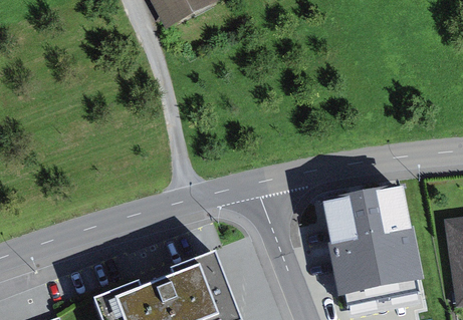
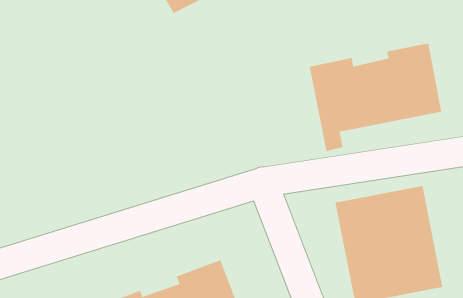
building: none -> [309,43,442,152]

